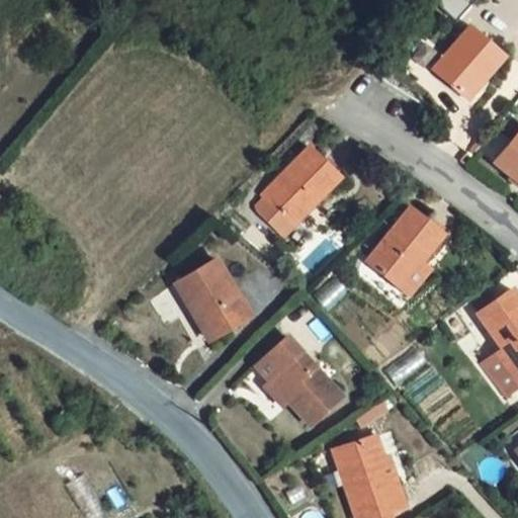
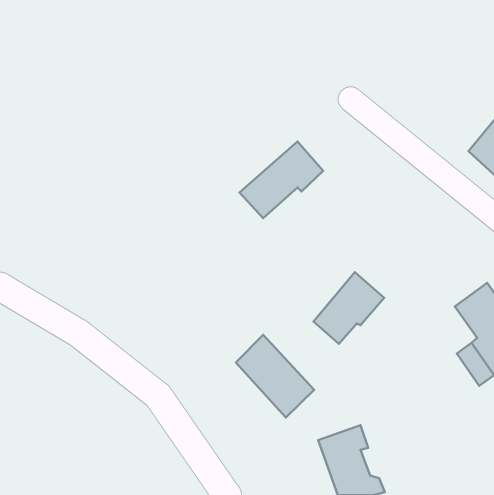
building: [431,24,505,100] -> none
building: [371,213,444,287] -> [313,272,384,344]
building: [181,255,251,331] -> none

